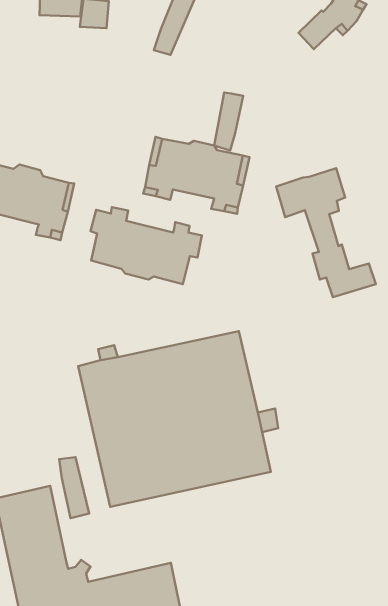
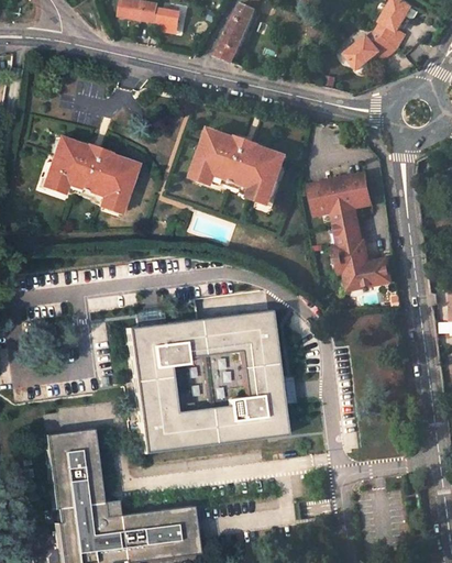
building: [214,92,243,150] -> none
building: [90,207,202,284] -> none
building: [59,457,89,518] -> none

